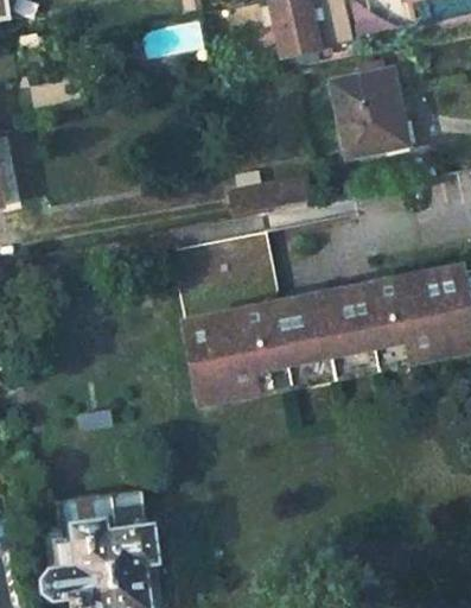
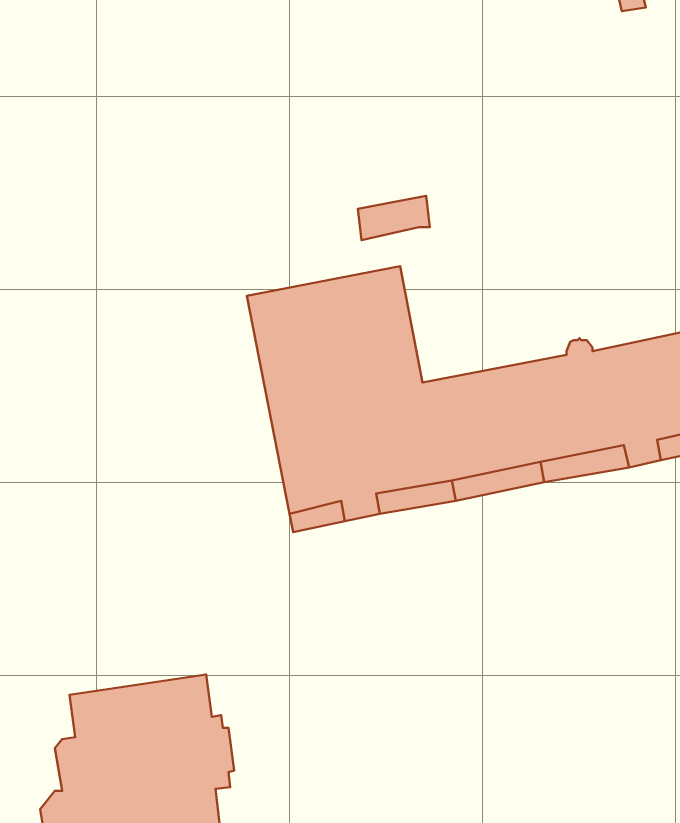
building: [330,68,410,157] -> none

